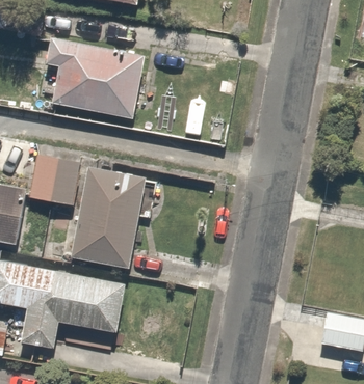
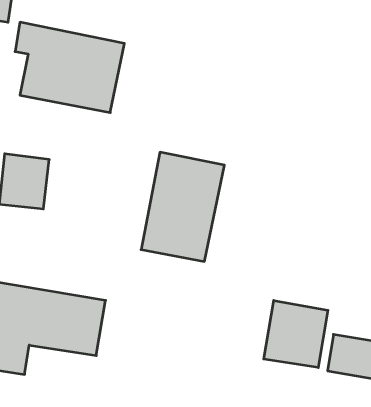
building: [71,171,145,268] -> [141,152,224,261]
building: none -> [264,300,328,368]

